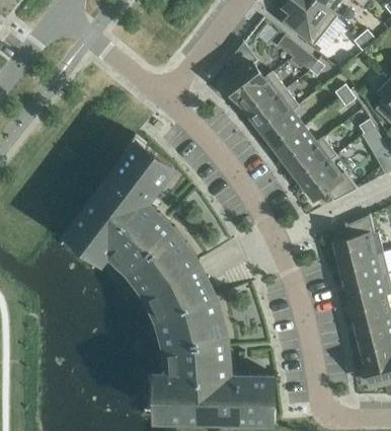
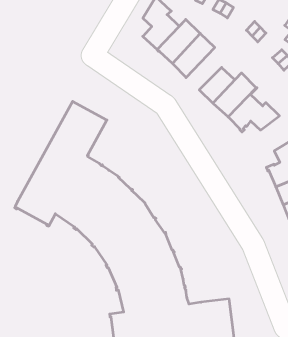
building: [263,106,303,149] -> none

